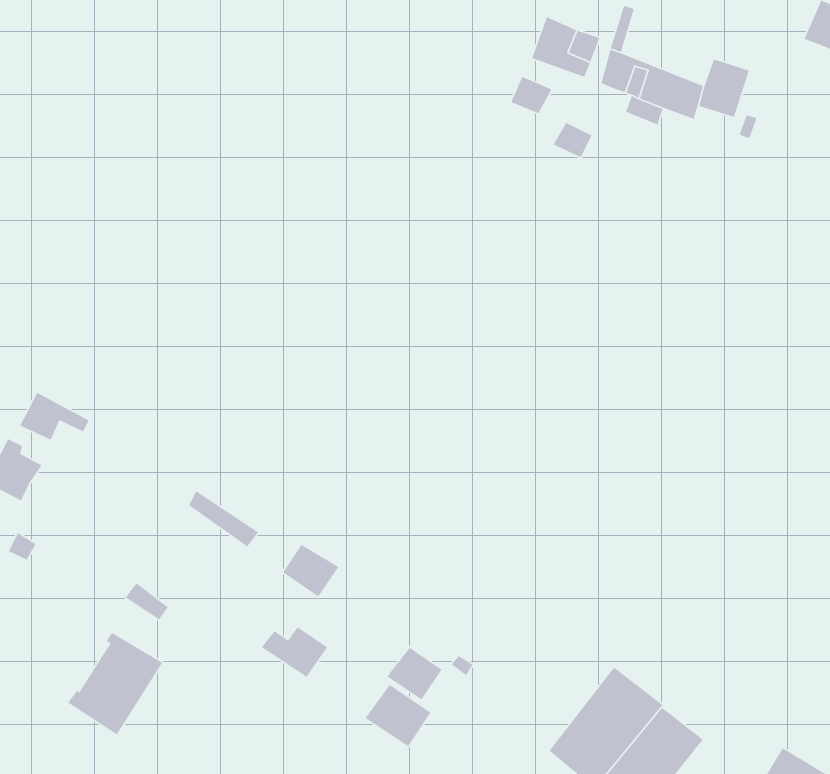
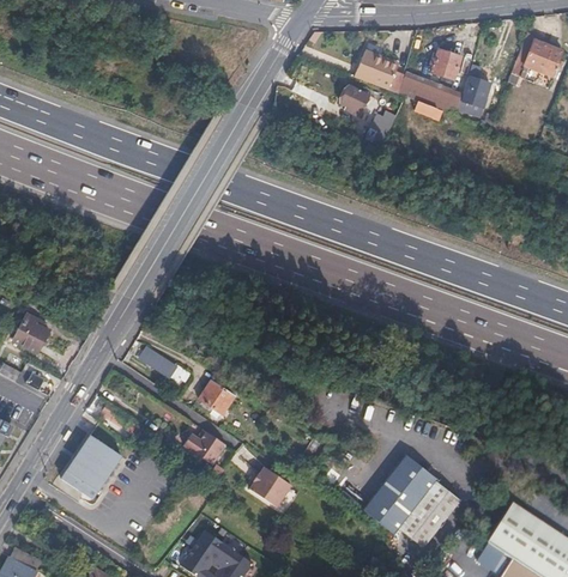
building: none -> [430,49,460,79]
building: [19,392,90,441] -> none
building: [386,647,442,700] -> none

